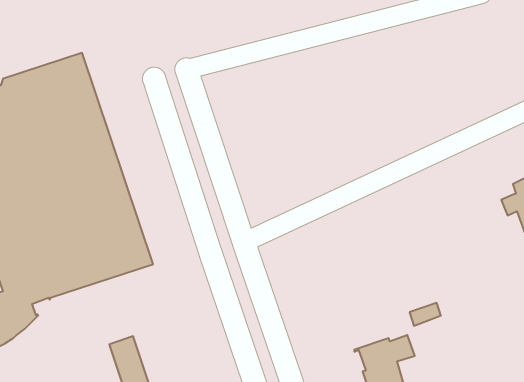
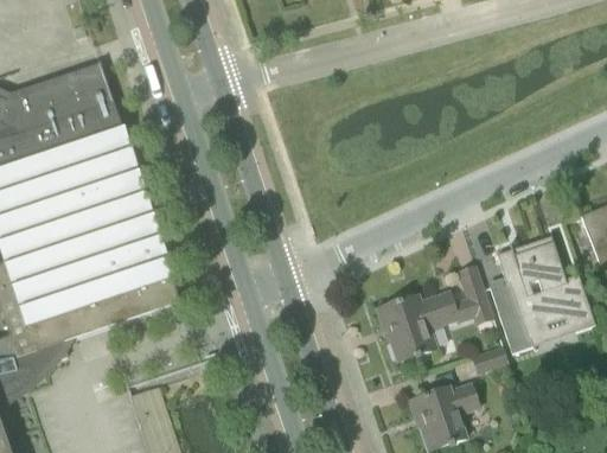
building: none -> [488,241,595,353]
building: none -> [376,266,491,361]

